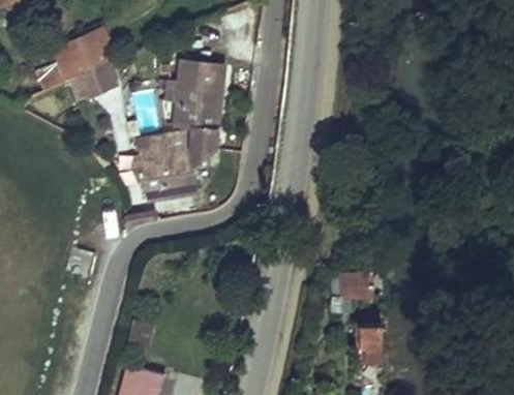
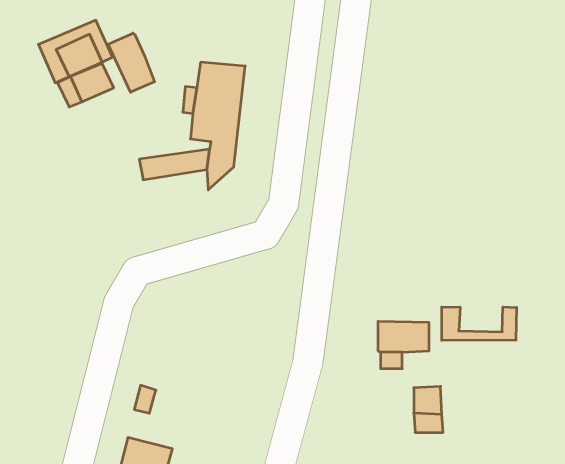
building: none -> [108,33,155,92]
building: [140,149,195,198] -> none
building: none -> [442,307,517,340]

